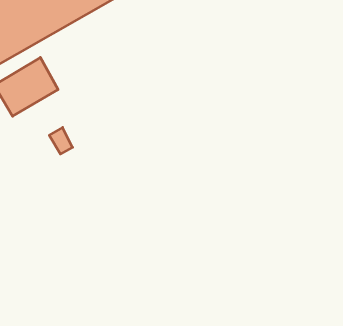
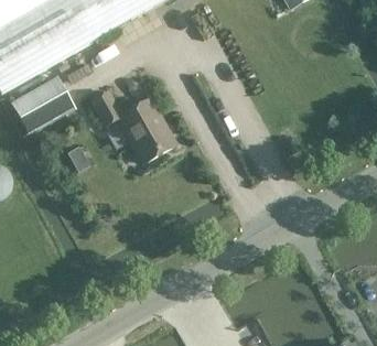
building: none -> [90,93,175,164]

